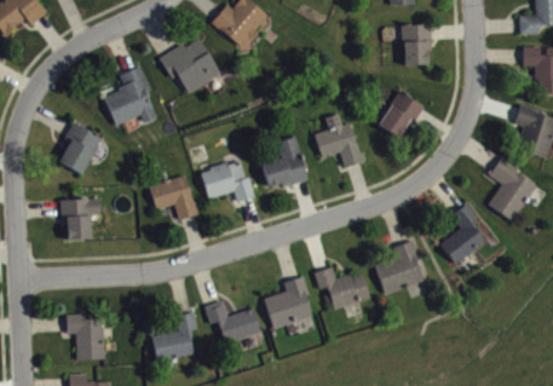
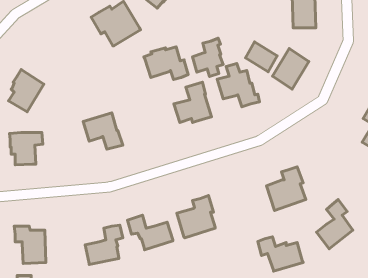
building: [102,64,155,123] -> none
building: none -> [192,38,223,77]
building: none -> [245,42,277,72]
building: [200,160,254,200] -> [144,47,188,79]
building: [439,202,484,263] -> [316,200,353,249]
building: [313,265,369,307] -> [258,237,303,271]

